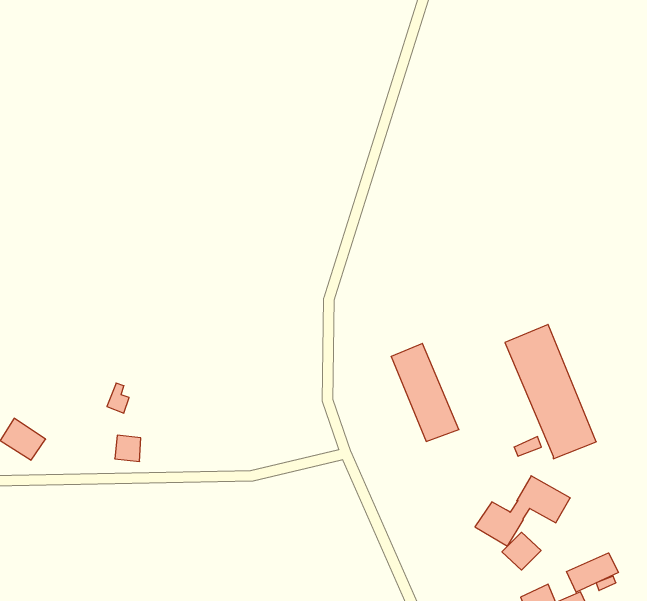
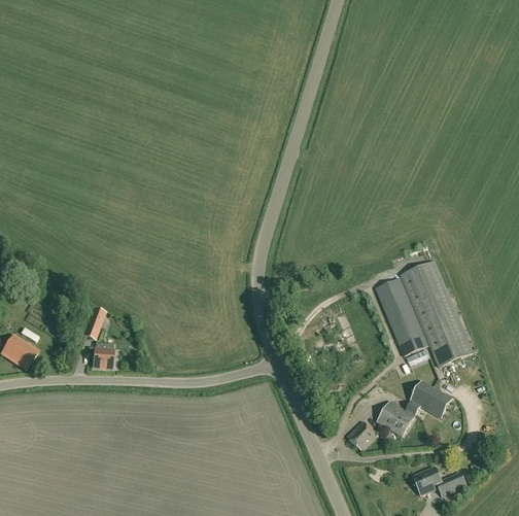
building: [391,343,459,441] -> [375,277,428,354]
building: [502,532,541,570] -> [346,420,377,450]
building: [567,553,618,592] -> none

